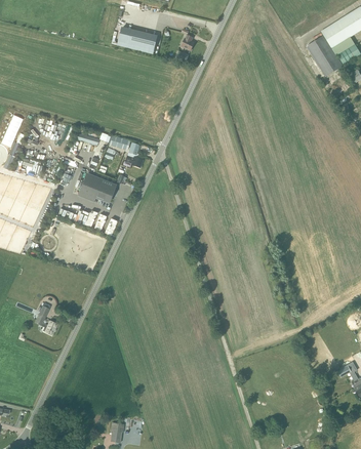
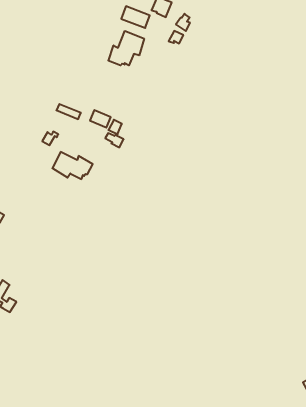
building: none -> [108,31,144,65]

